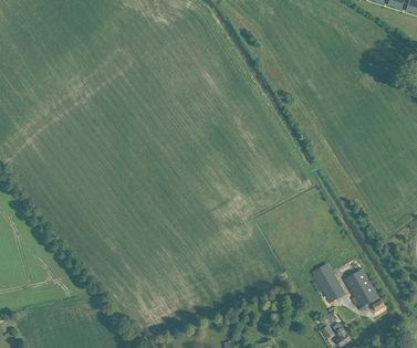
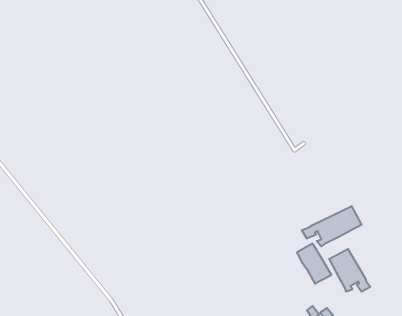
building: none -> [302,206,361,246]

